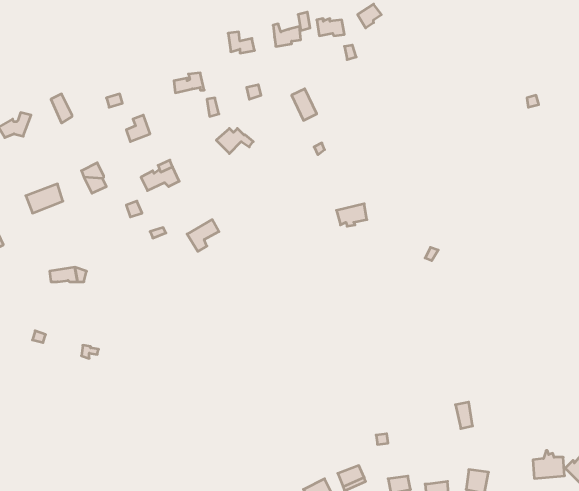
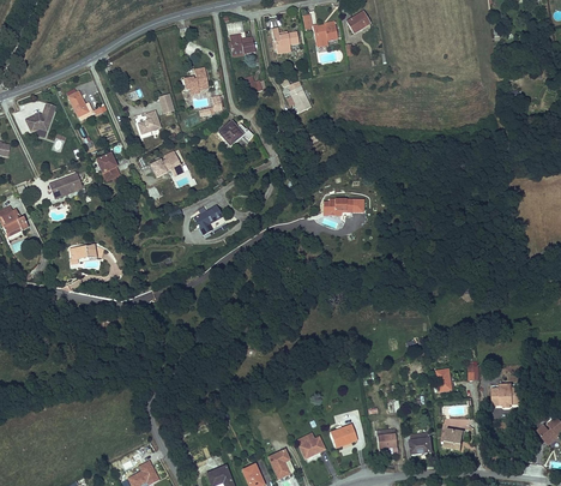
building: [533,451,565,478] -> [493,379,521,404]

